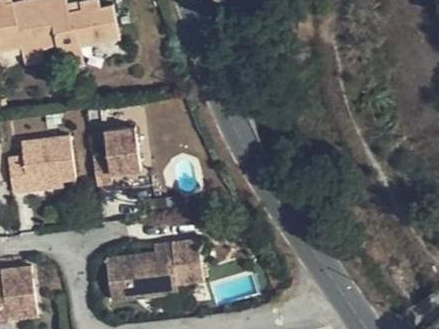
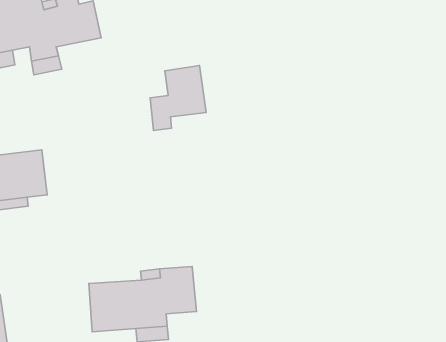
building: [90,127,140,185] -> [150,65,206,130]

